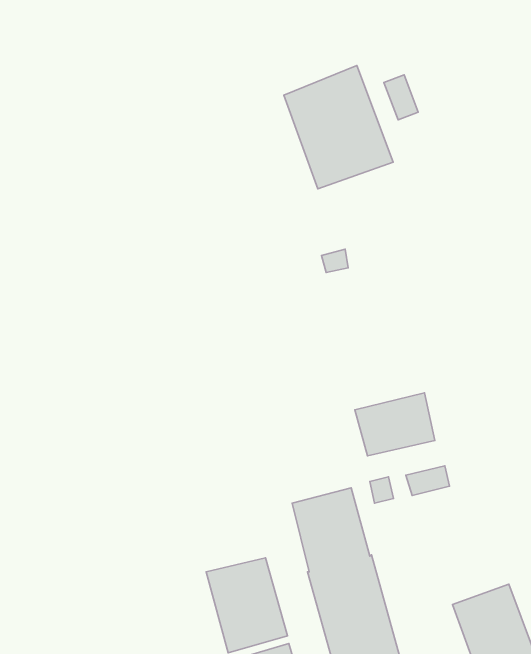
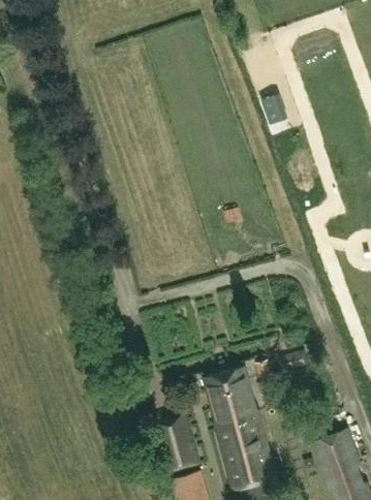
building: [284,66,393,189] -> none
building: [355,393,435,456] -> none

